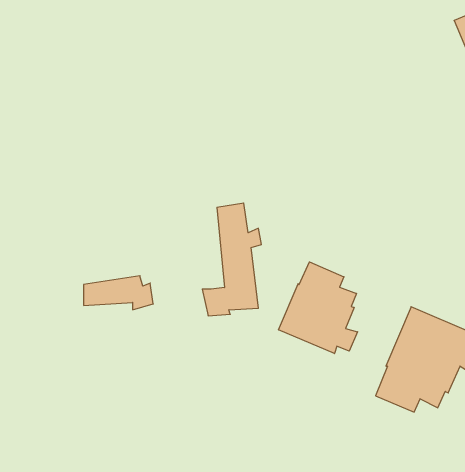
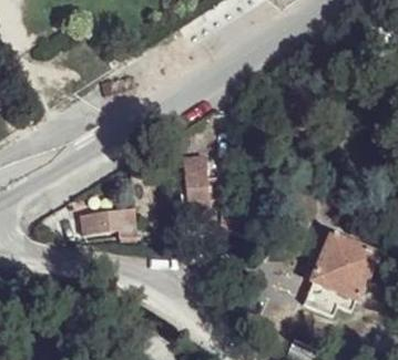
building: [279,262,358,354] -> none

